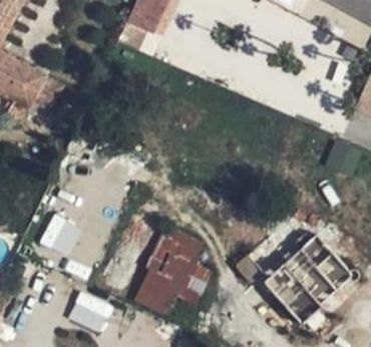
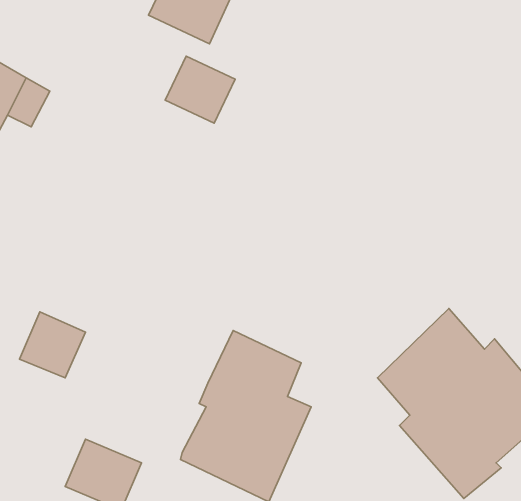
building: none -> [165,56,235,123]

